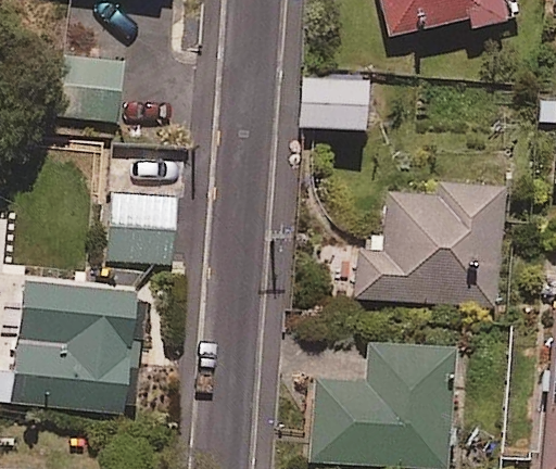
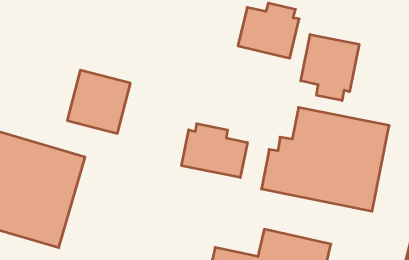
building: none -> [301,34,359,101]
building: none -> [182,124,247,178]

